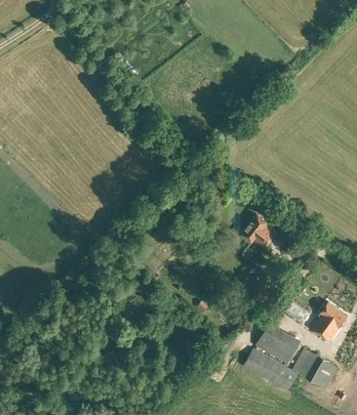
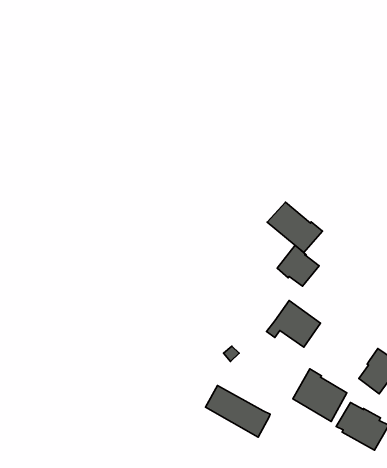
building: none -> [267,202,323,252]
building: [243,347,299,391] -> [206,386,270,437]

